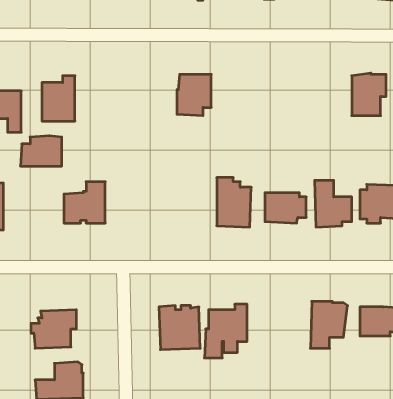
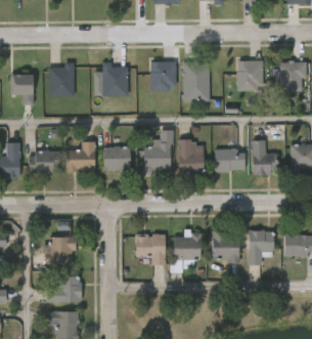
building: none -> [236,60,262,91]
building: none -> [102,61,129,96]
building: none -> [182,61,209,101]
building: [20,136,62,166] -> [29,150,59,172]
building: none -> [142,128,175,175]
building: none -> [104,145,131,175]
building: none -> [211,231,238,264]

